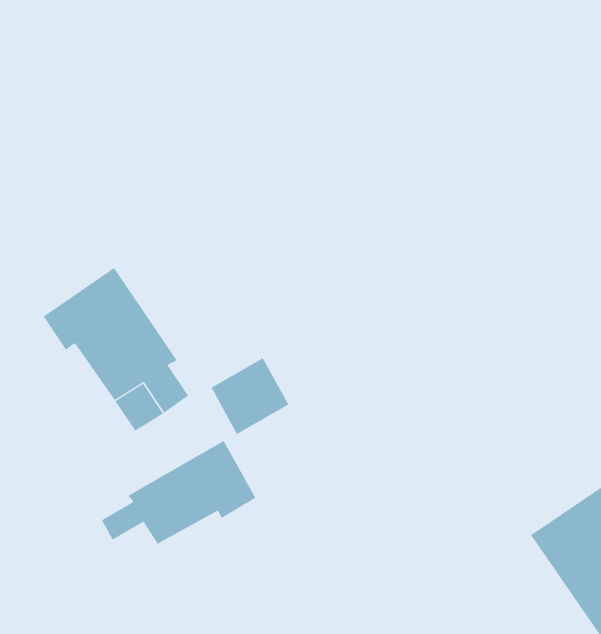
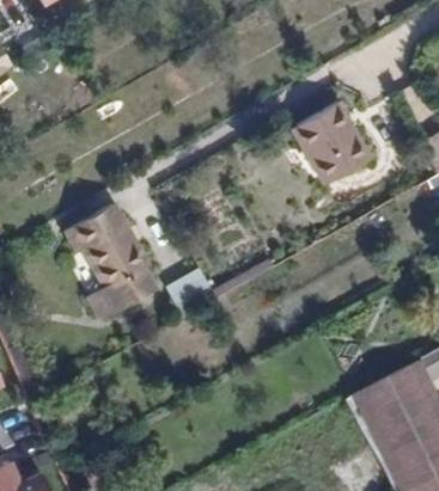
building: none -> [300,98,373,182]
building: [101,440,256,545] -> none

